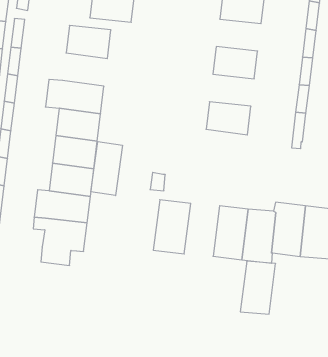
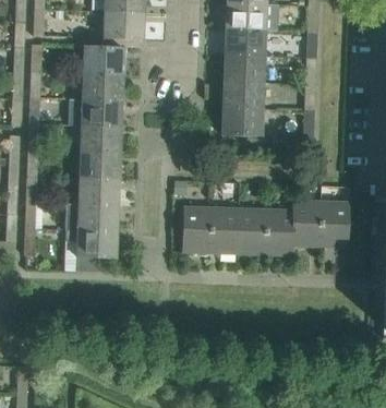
building: none -> [225,29,265,57]
building: none -> [83,73,123,101]
building: none -> [222,82,263,109]
building: [91,142,122,196] -> none
building: [240,261,276,314] -> [210,205,240,253]

